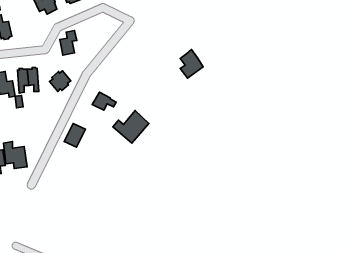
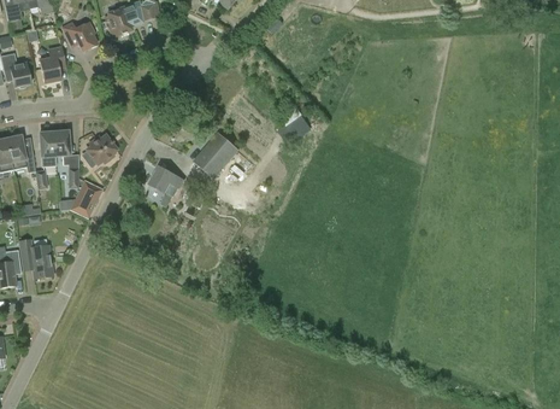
building: [60,31,77,55] -> [39,47,64,83]
building: [113,110,149,143] -> [185,130,238,179]
building: [64,123,86,147] -> [69,182,100,217]

